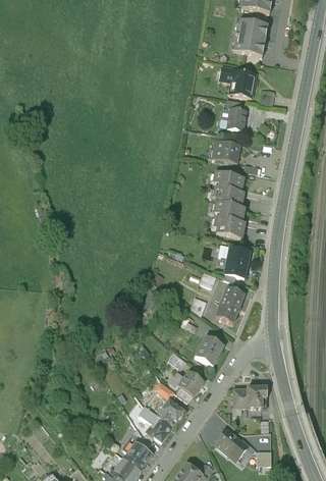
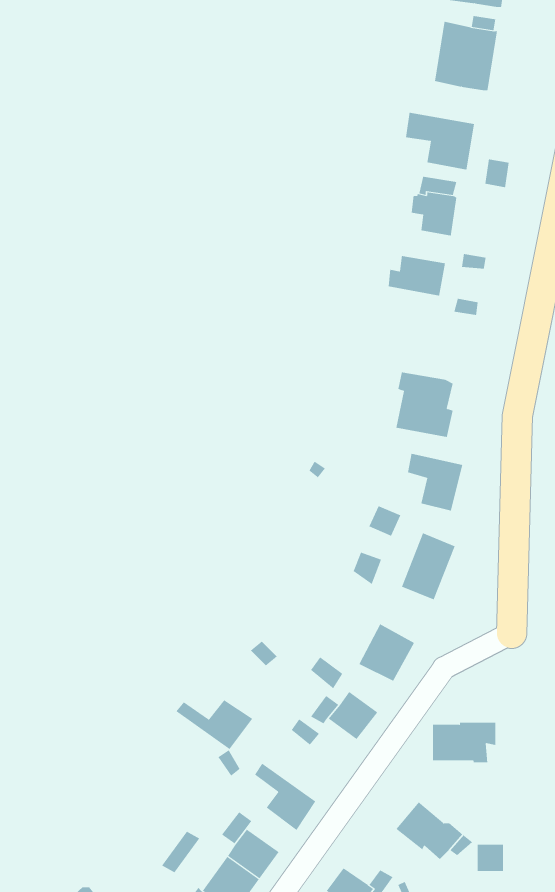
building: [212,171,242,206] -> none
building: [143,402,183,428] -> [176,700,253,750]

